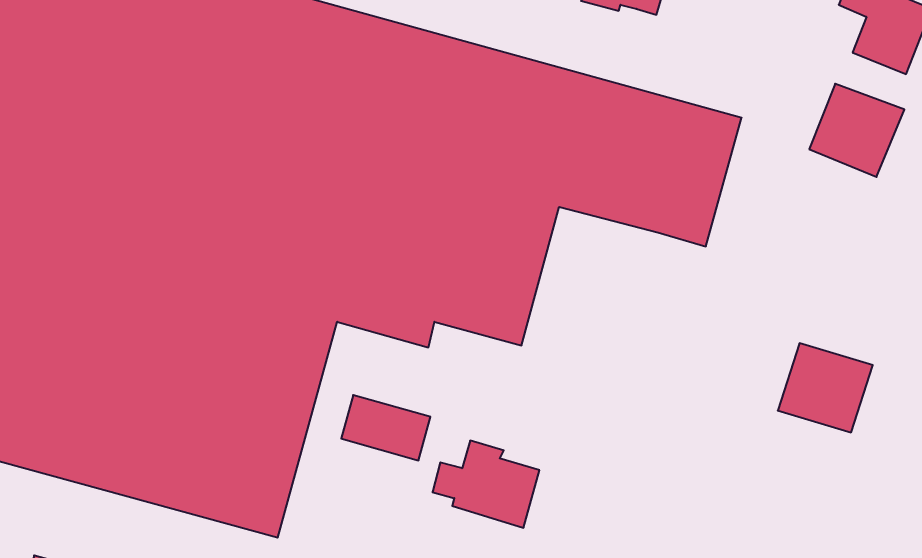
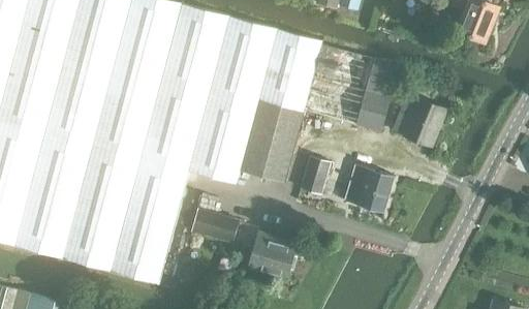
building: [809,84,904,177] -> [395,95,444,144]
building: none -> [302,155,331,192]
building: [778,343,873,432] -> [345,164,395,211]

